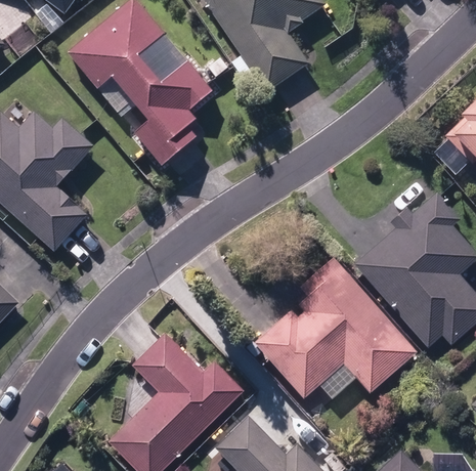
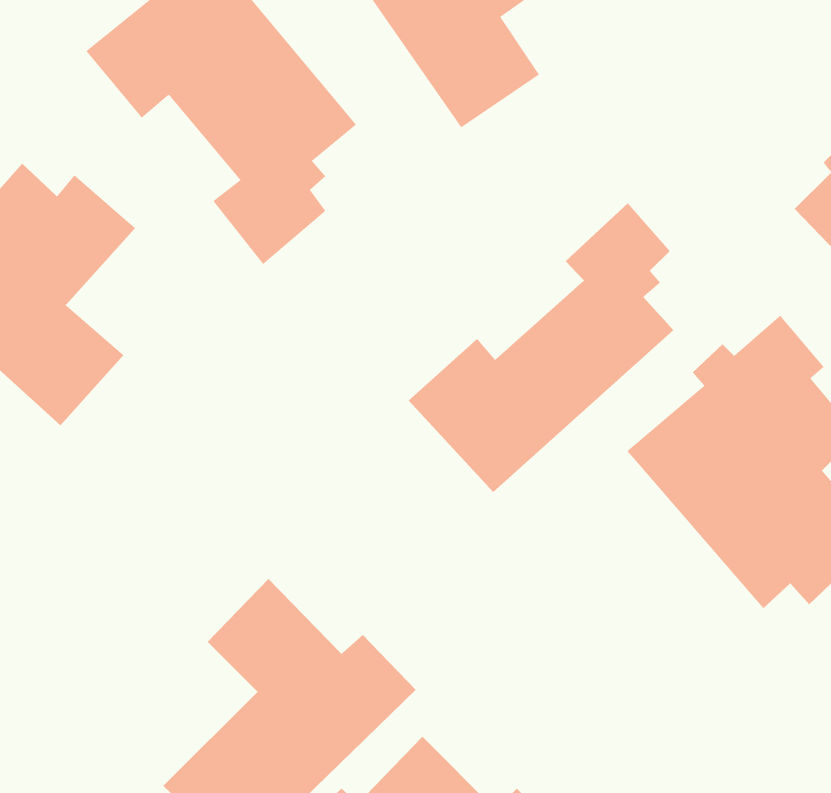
building: none -> [408,202,674,493]
building: [255,258,417,398] -> none

